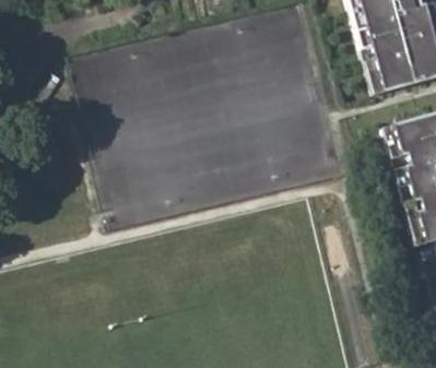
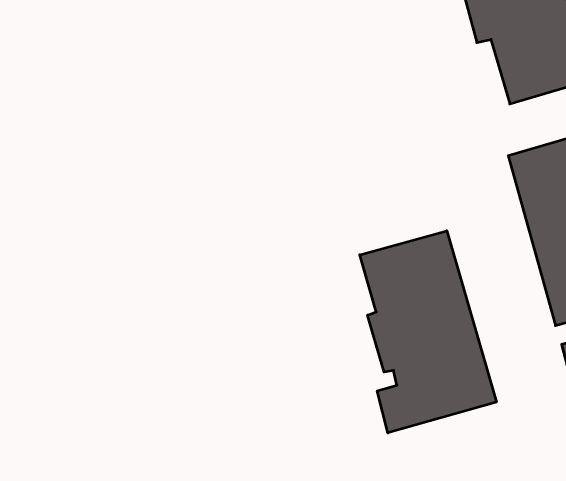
building: none -> [360,231,496,433]

